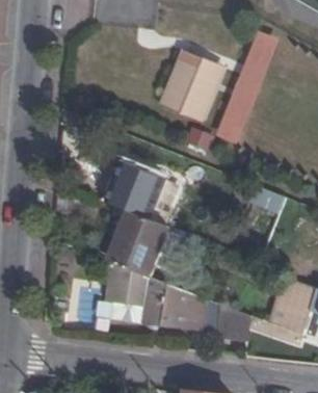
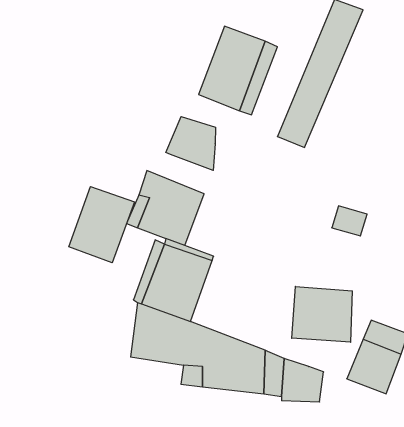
building: none -> [166,117,216,170]
building: none -> [69,187,135,263]
building: none -> [292,286,352,342]

